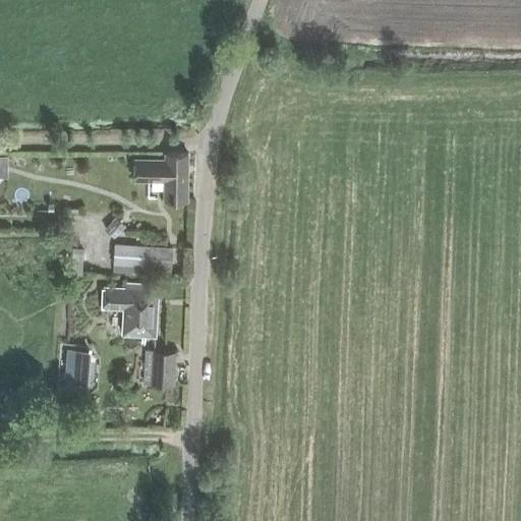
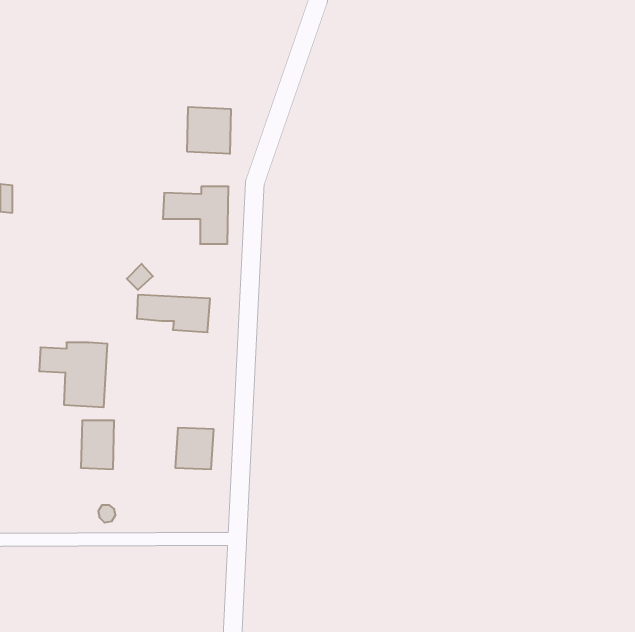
building: none -> [187,107,231,154]
building: [102,286,158,339] -> [39,343,107,407]

